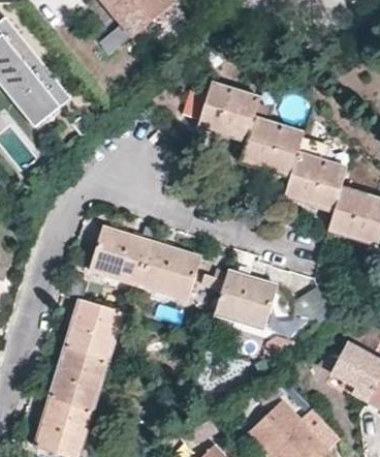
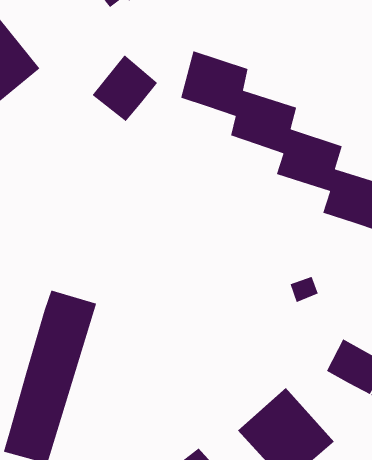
building: none -> [91,54,158,122]
building: [89,225,200,298] -> none
building: [213,266,276,326] -> none

